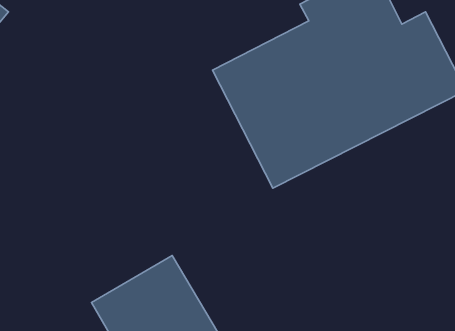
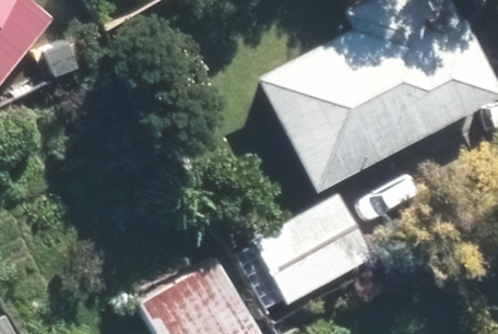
building: none -> [250,195,371,306]

